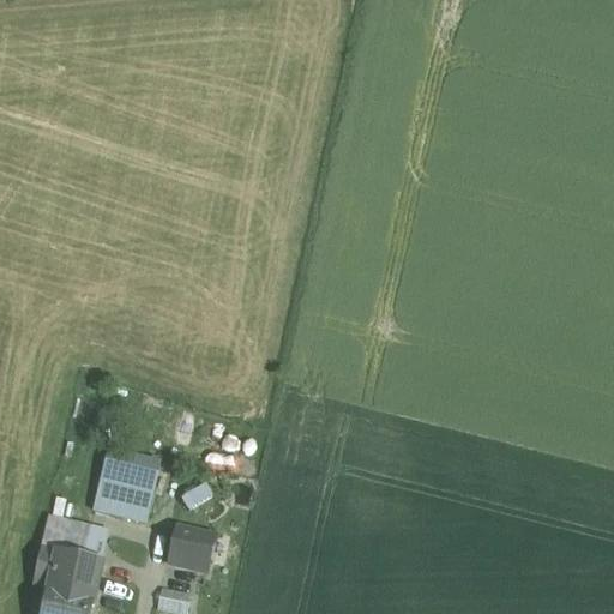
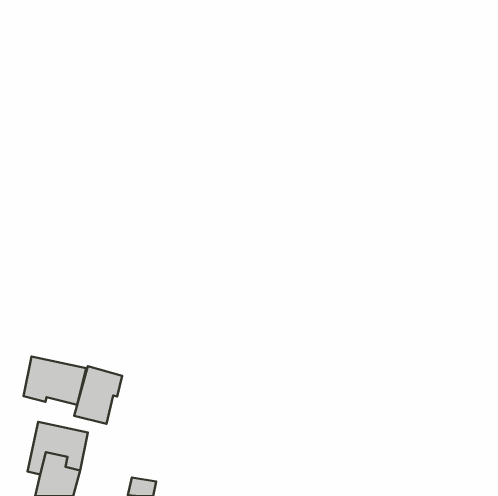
building: none -> [23,356,86,405]
building: [169,523,221,574] -> none

